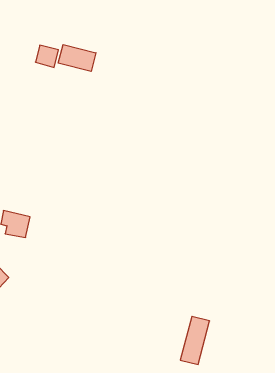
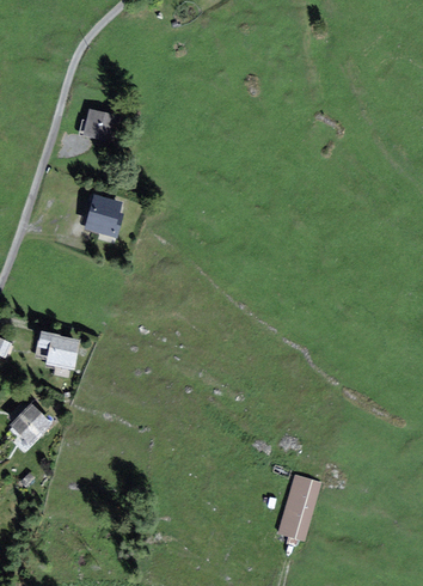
building: [58,45,96,71] -> none
building: none -> [85,196,122,234]

